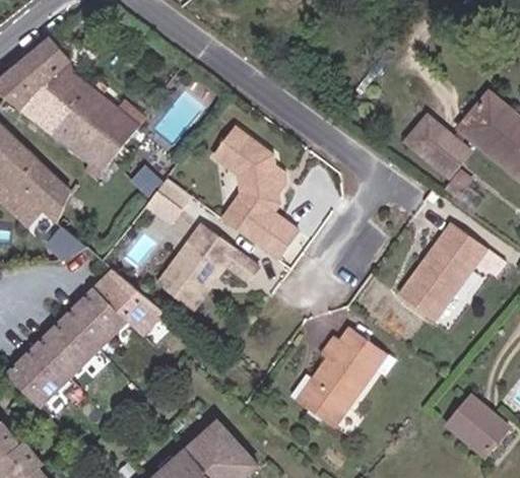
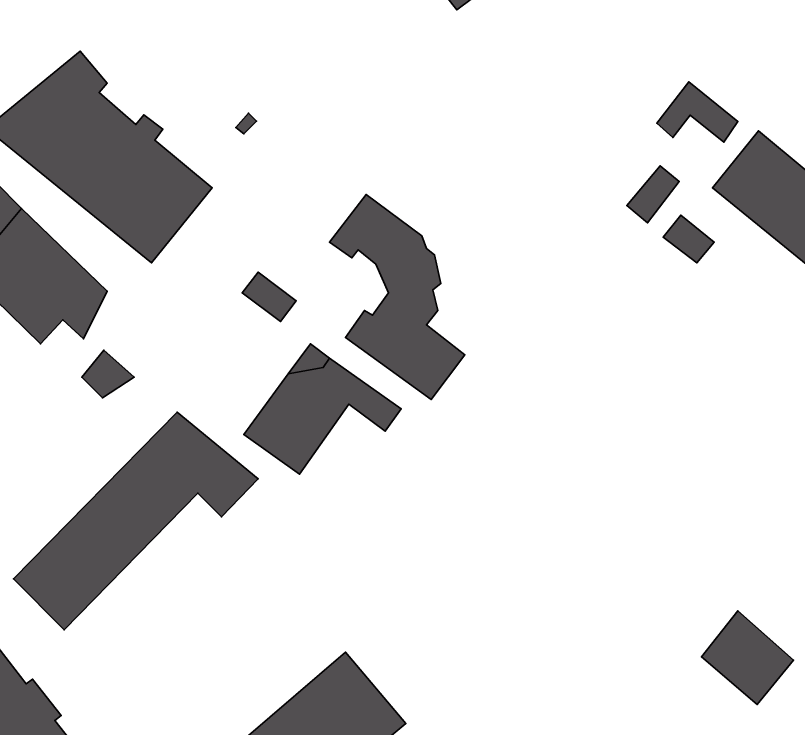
building: [414,121,466,159] -> [657,82,738,142]
building: [402,219,489,315] -> none
building: [288,322,388,425] -> none

